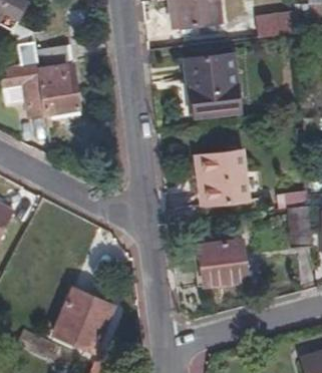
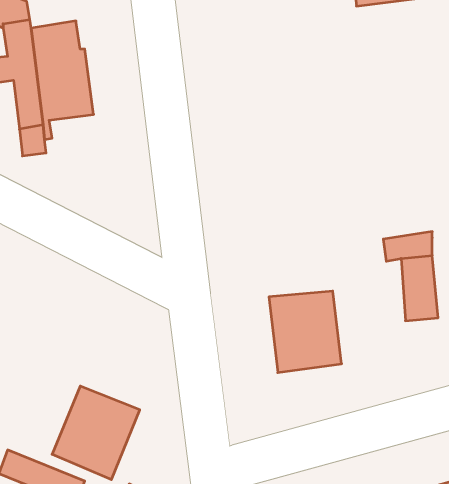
building: [184,52,242,116] -> none
building: [188,157,233,205] -> none

